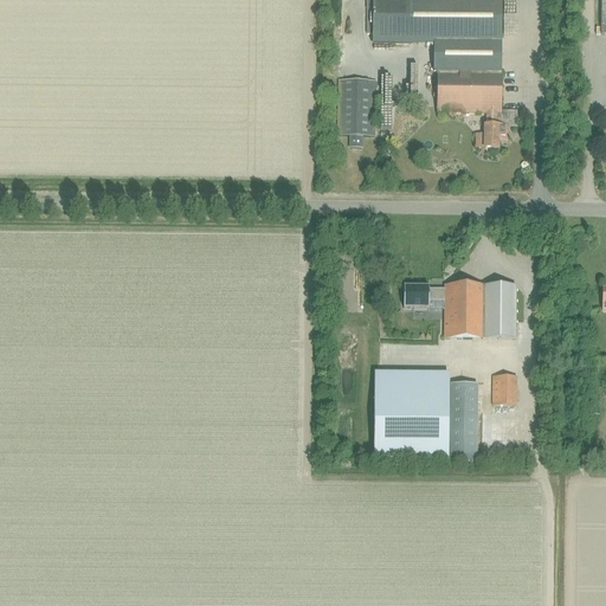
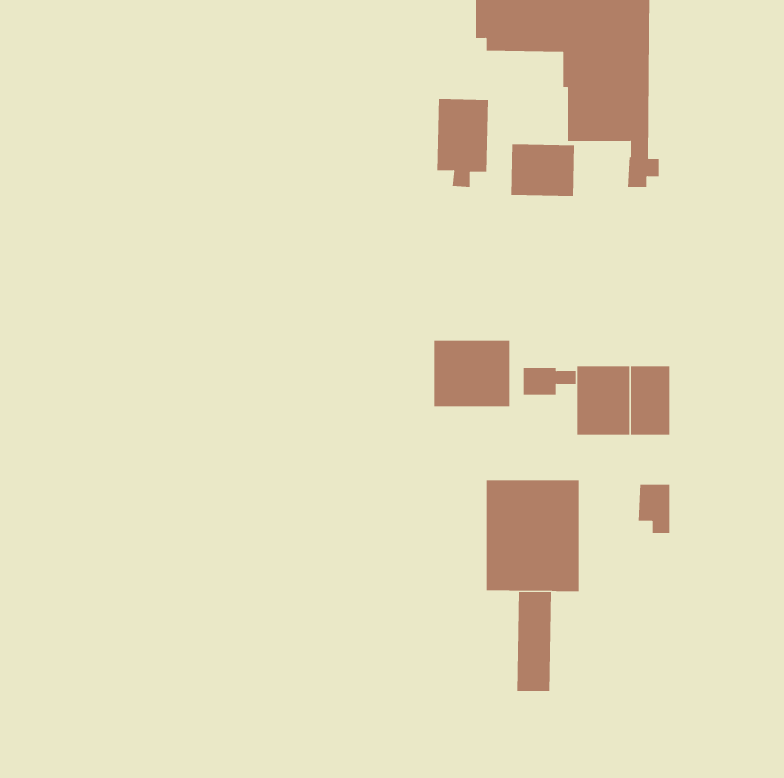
building: none -> [511,143,575,197]
building: none -> [434,340,510,407]
building: [451,381,478,458] -> [517,592,552,691]

